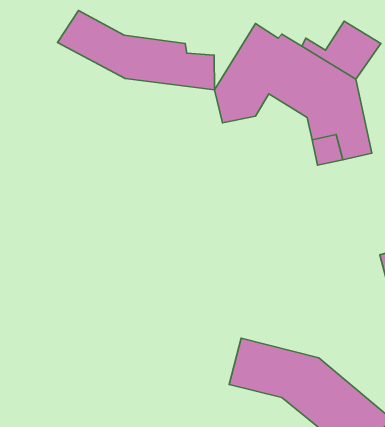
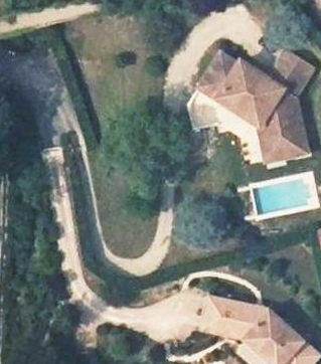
building: [58,10,215,90] -> none

